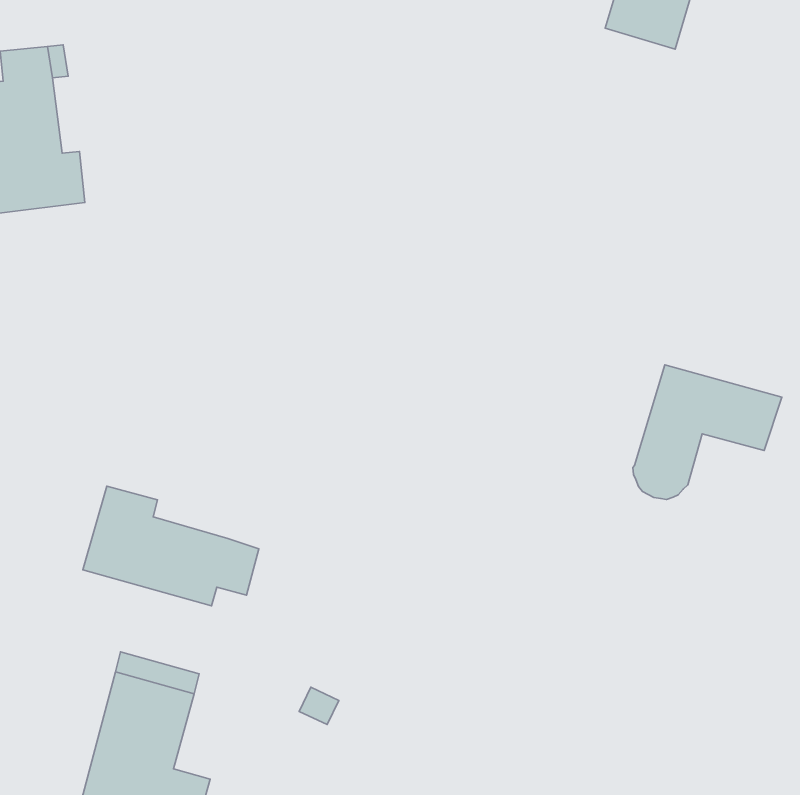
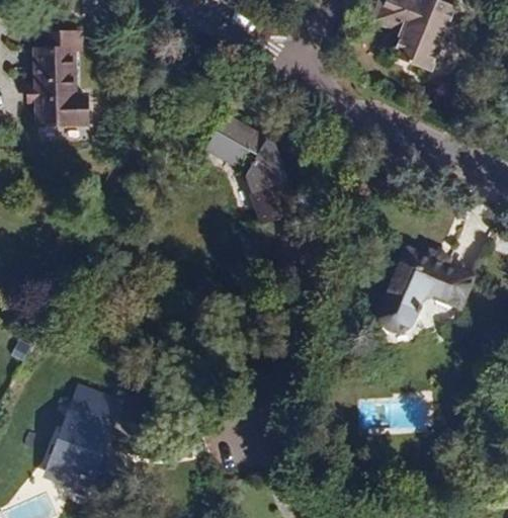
building: none -> [203,115,299,225]
building: [83,486,259,606] -> none

